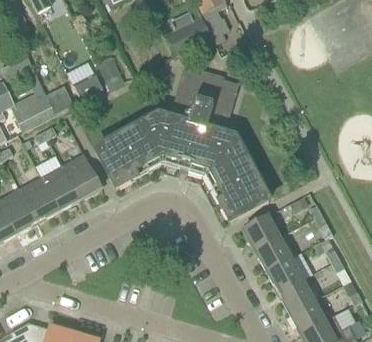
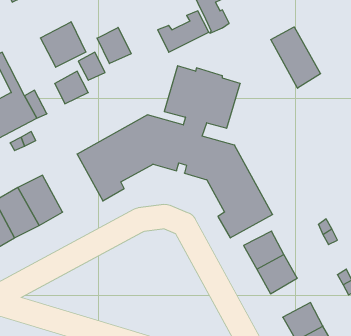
building: none -> [40,22,86,67]
building: none -> [271,27,321,88]
building: none -> [97,27,131,64]
building: [63,153,102,198] -> none
building: [267,257,303,292] -> none

